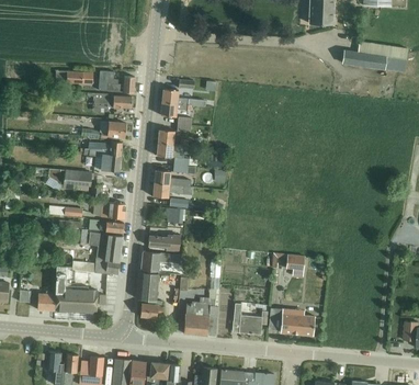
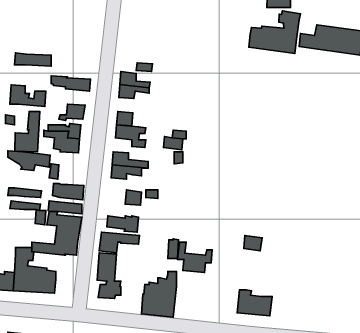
building: none -> [249,11,300,53]
building: [99,70,135,92] -> [10,85,46,106]
building: none -> [15,111,40,152]
building: [233,304,268,335] -> [177,242,212,273]

